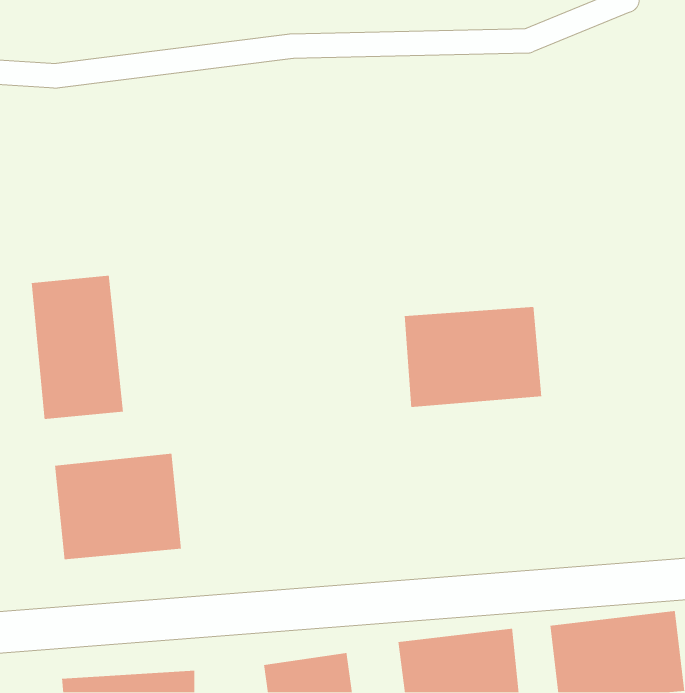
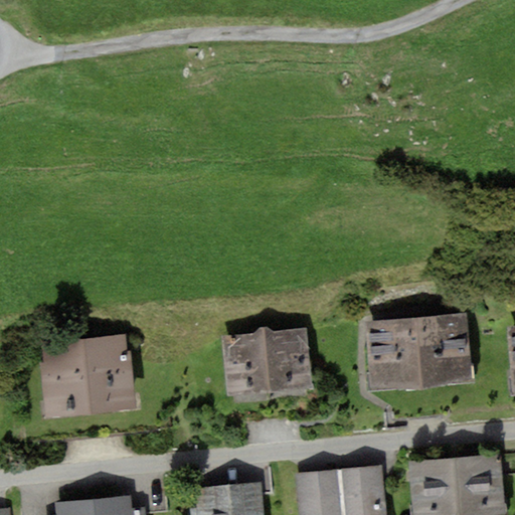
building: [31,275,124,420] -> none
building: [404,306,542,408] -> [368,314,471,389]
building: none -> [221,329,310,395]

